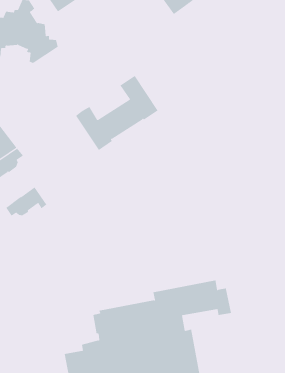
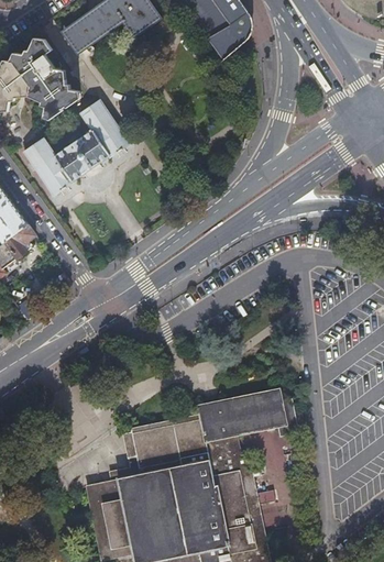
building: [75,75,159,151] -> [22,98,128,194]
building: [6,187,47,217] -> none

